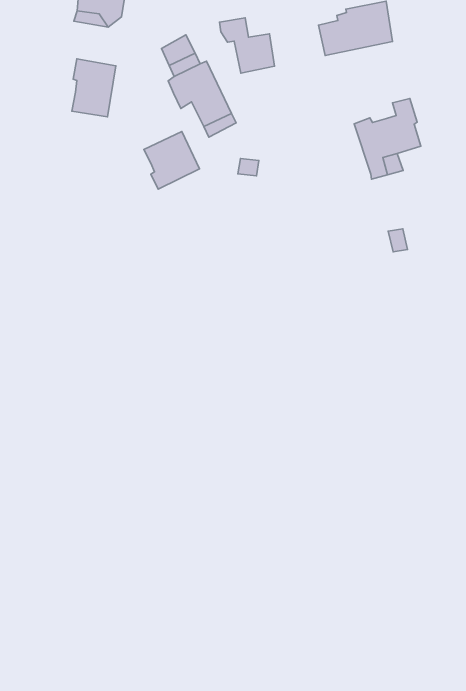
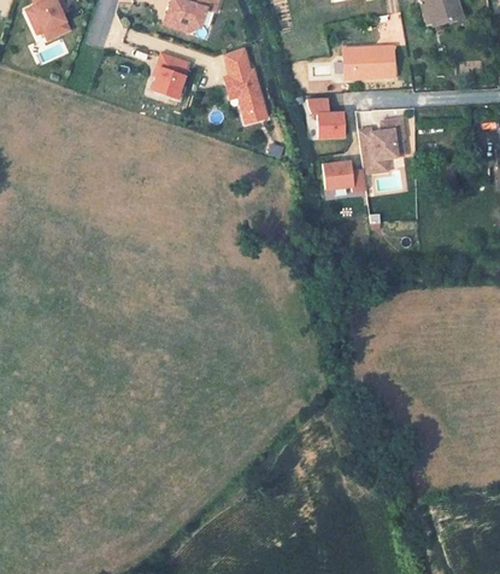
building: [219,18,275,73] -> [301,96,336,136]
building: [144,131,200,189] -> none
building: none -> [319,163,364,193]

